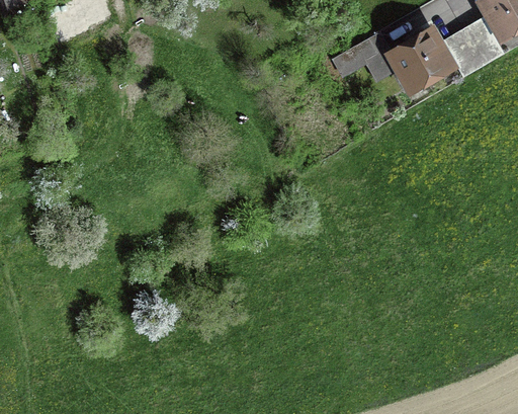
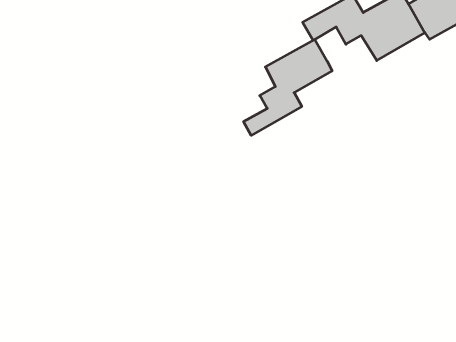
building: none -> [244,39,332,135]

